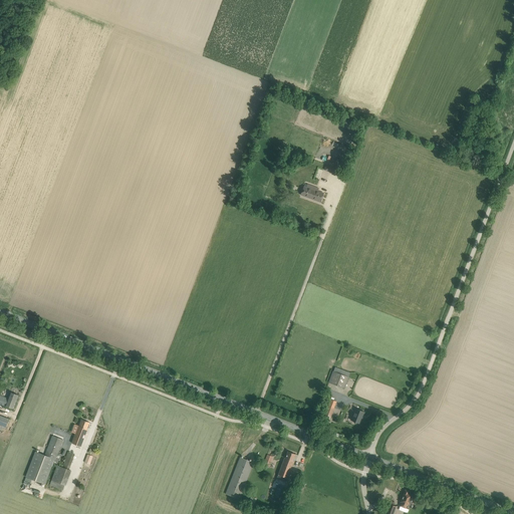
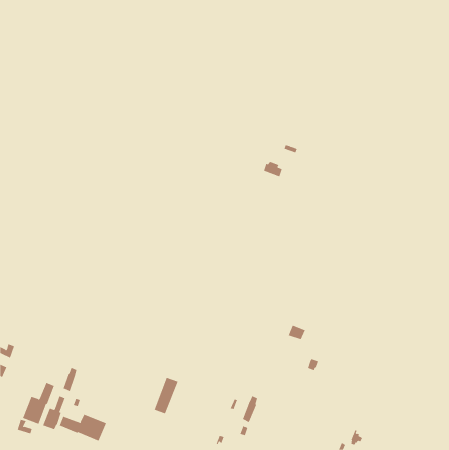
building: [225,457,253,499] -> [154,377,179,414]
building: none -> [59,414,107,441]

